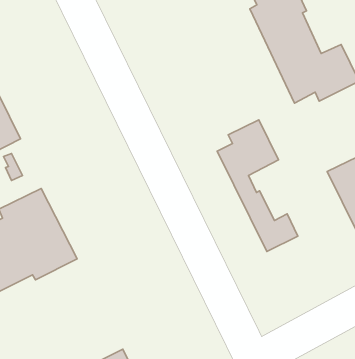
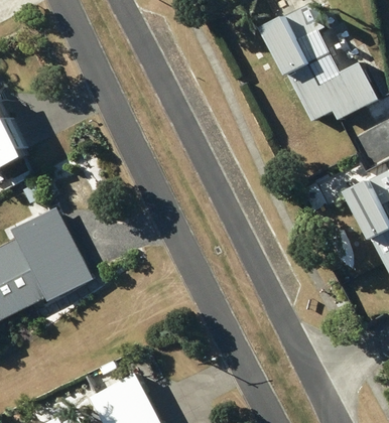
building: [217,120,298,252] -> none

